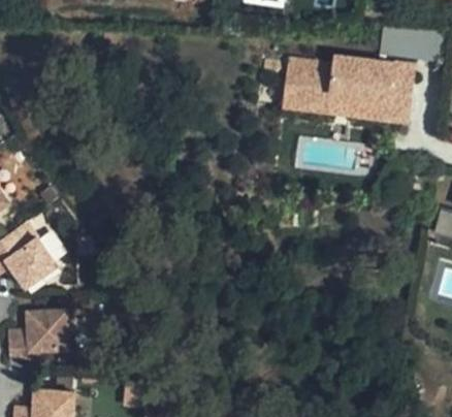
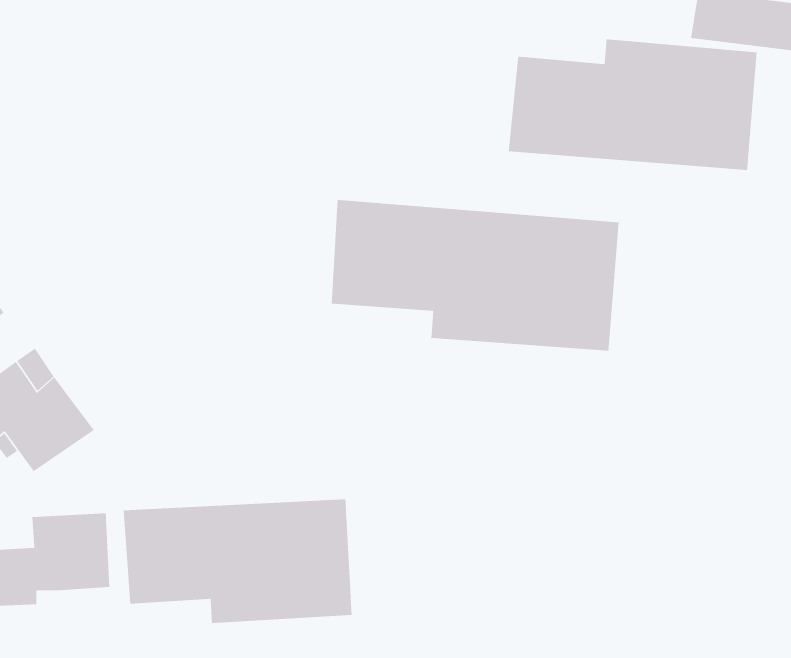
building: none -> [331,199,619,351]
building: none -> [123,499,352,624]

